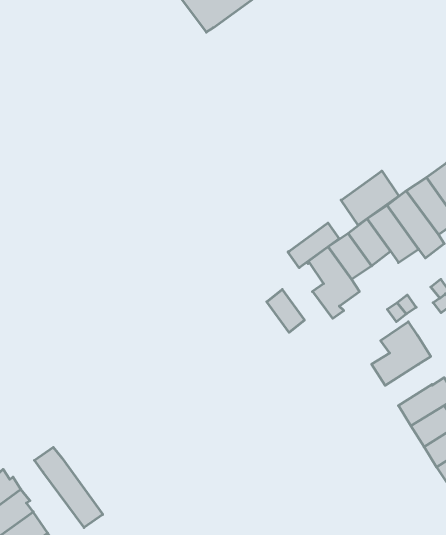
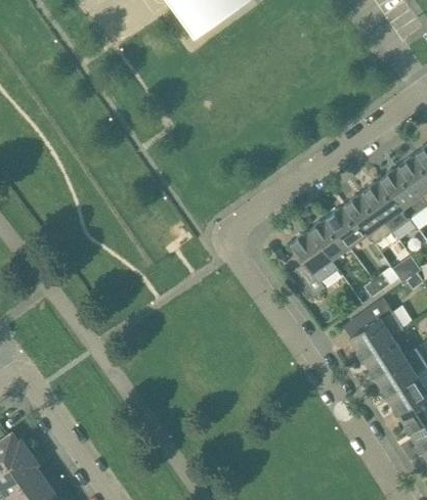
building: [341,171,399,225] -> none
building: [288,223,339,268] -> none
building: [267,289,304,332] -> none
building: none -> [361,336,404,374]
building: [34,447,103,528] -> none

